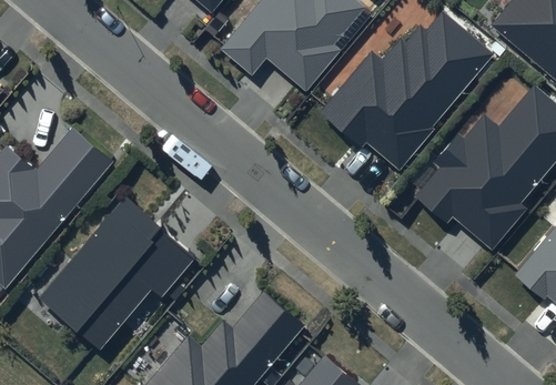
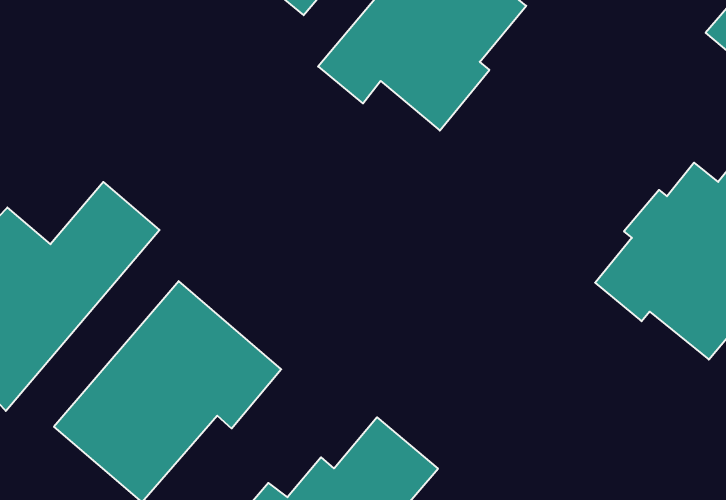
building: [320,11,495,169] -> none

